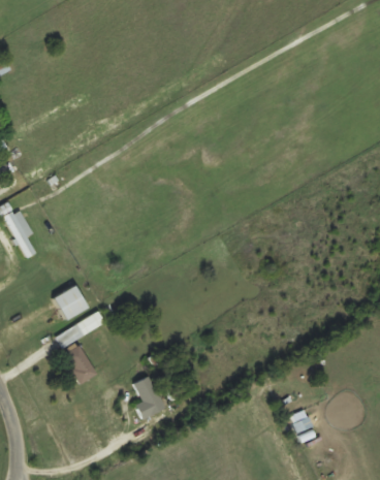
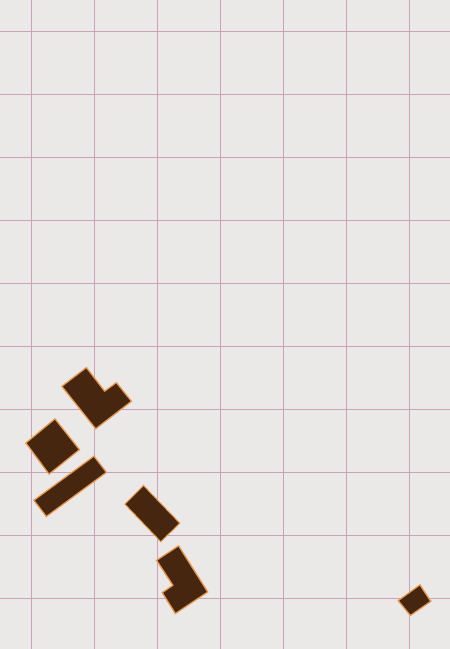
building: none -> [62,368,132,429]
building: [62,344,97,382] -> [125,485,180,542]

